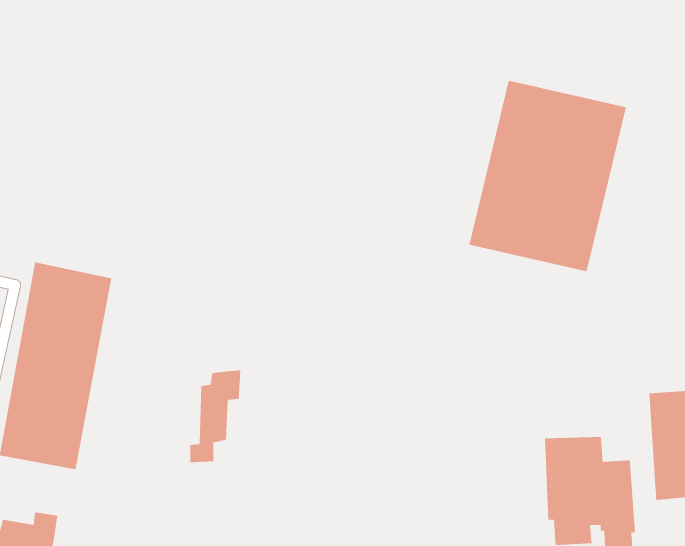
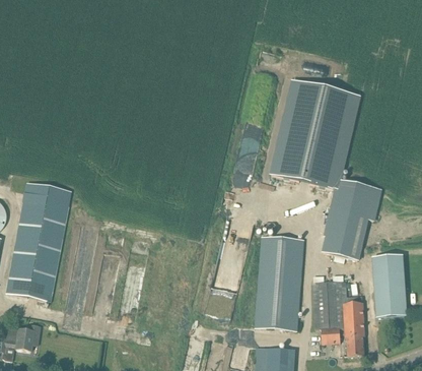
building: none -> [323,179,380,259]
building: none -> [255,236,303,329]
building: [189,370,241,463] -> none

